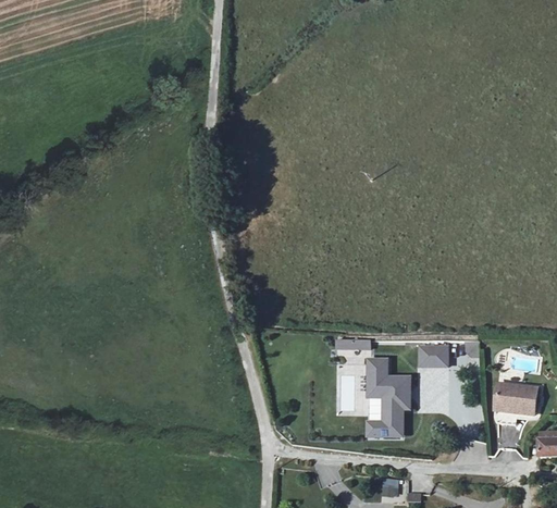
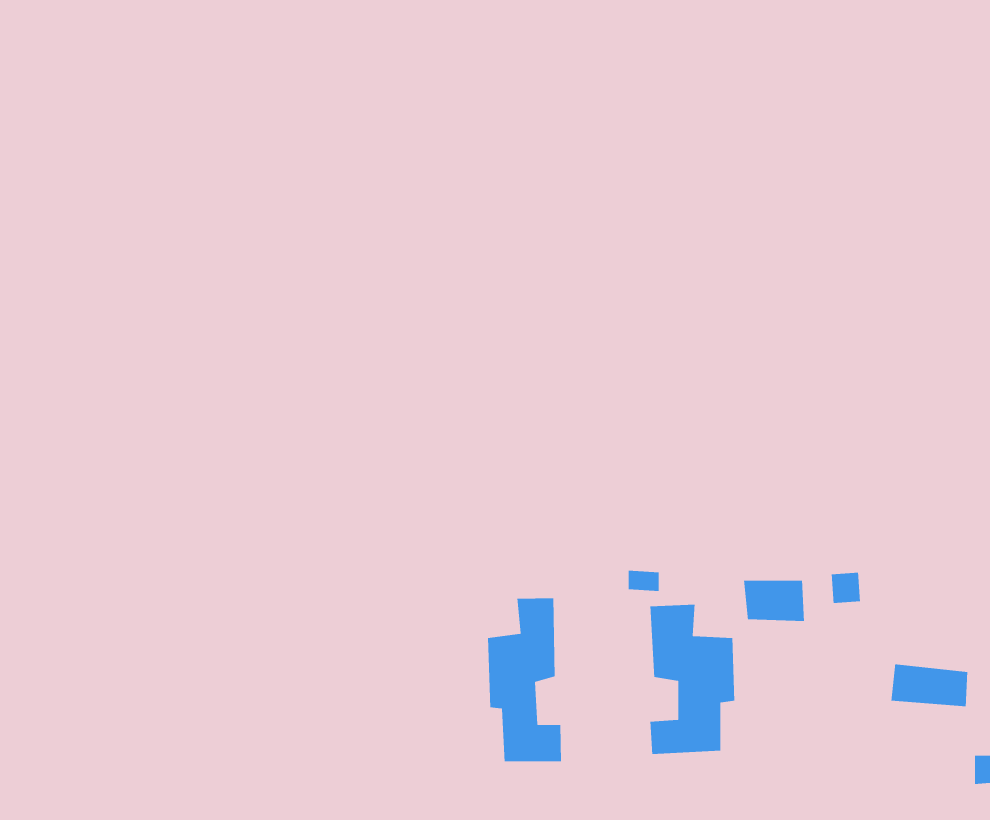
building: none -> [487,598,562,762]

